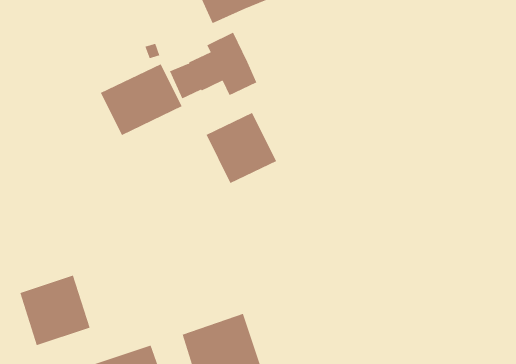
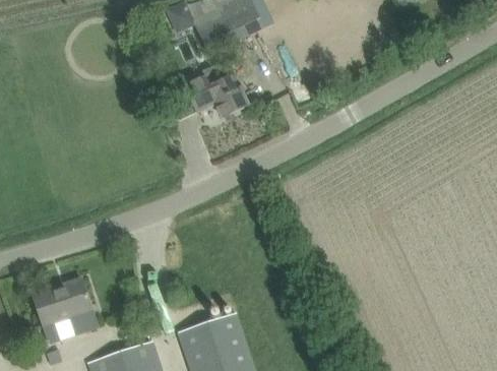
building: [100,63,182,136] -> none
building: [206,112,277,184] -> none

